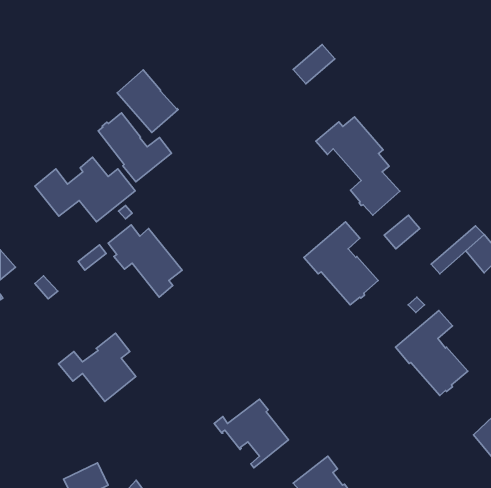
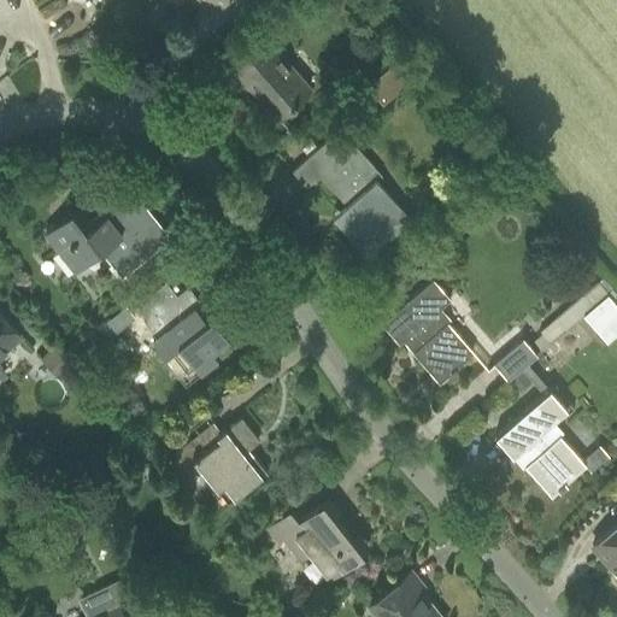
building: [117,70,178,132] -> [234,43,310,122]
building: [98,113,172,182] -> none
building: [316,117,400,215] -> [299,140,404,263]
building: [384,215,420,249] -> [494,343,539,386]
building: [59,333,136,401] -> [171,422,268,507]

